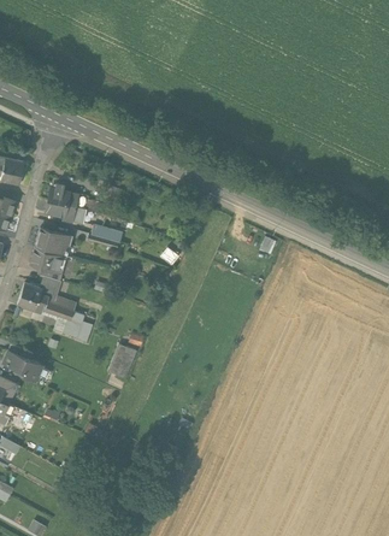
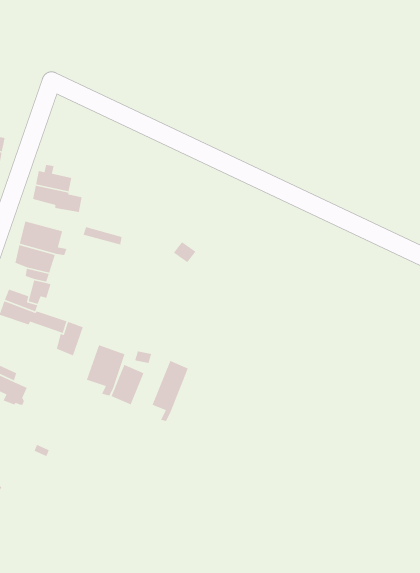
building: none -> [86,344,125,396]
building: none -> [151,360,189,422]

